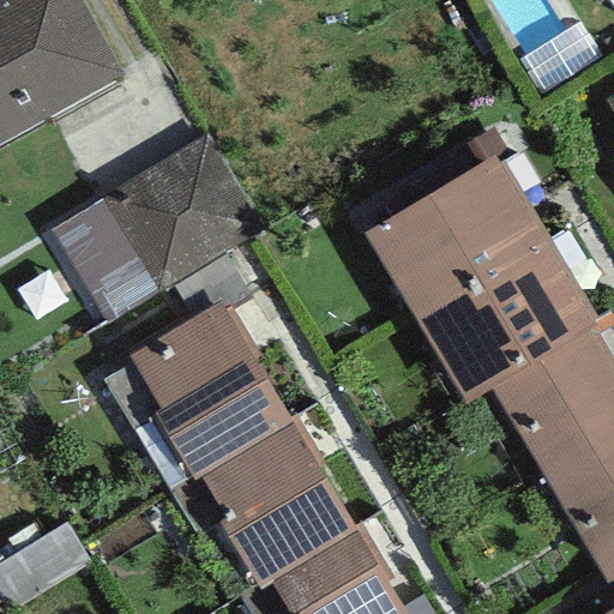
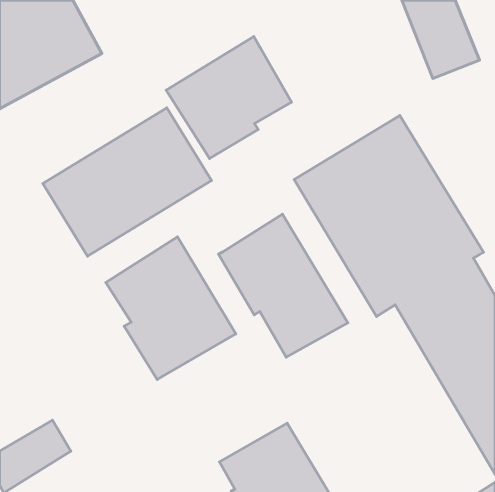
building: none -> [166,37,292,158]
building: none -> [219,214,348,357]
building: [200,417,355,583] -> none

